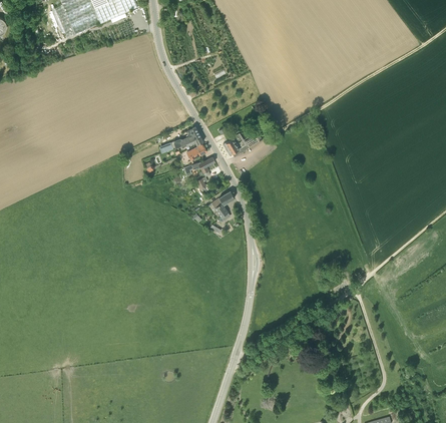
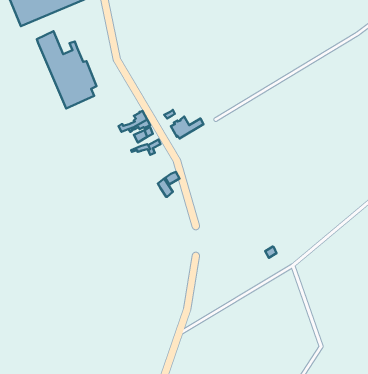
building: none -> [37,31,97,109]

